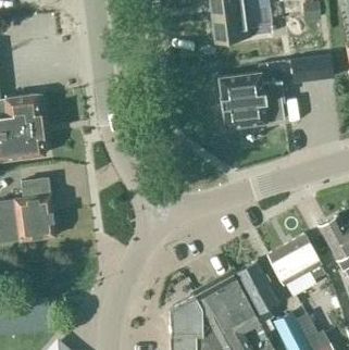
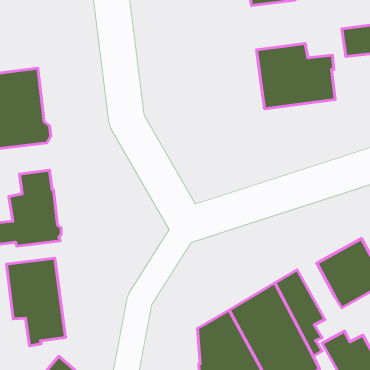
building: none -> [6,258,65,346]

